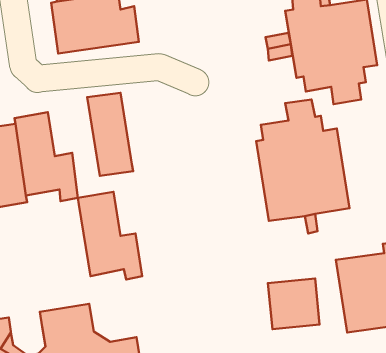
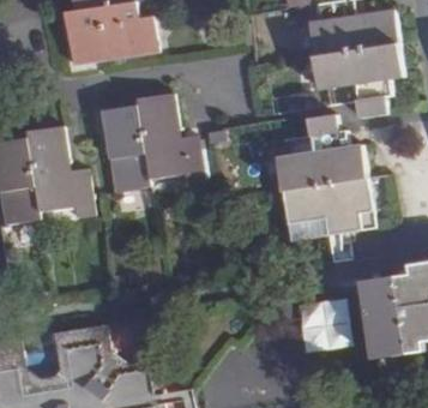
building: [78,192,142,280] -> [135,92,203,184]

